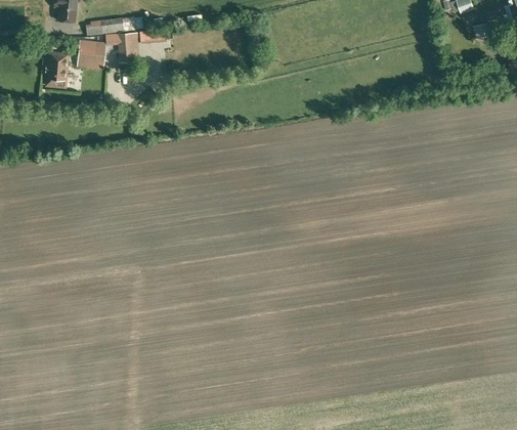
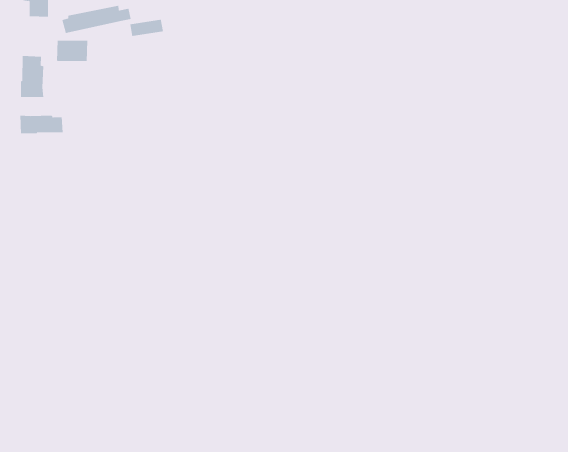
building: [105,35,139,64] -> none
building: none -> [20,115,63,134]

